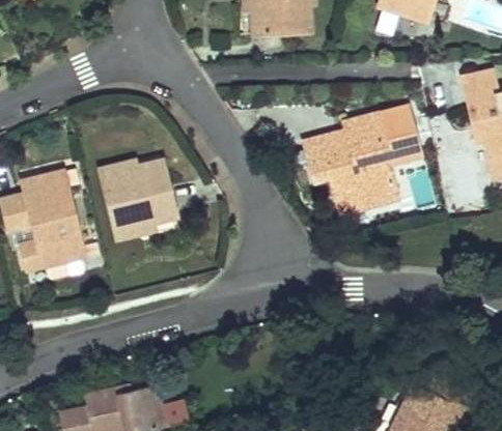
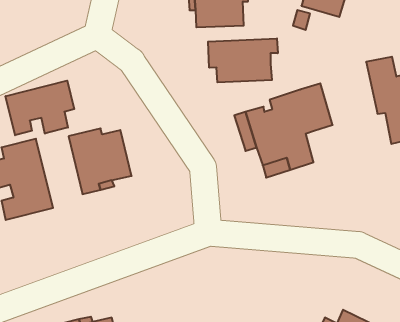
building: none -> [208,38,278,82]
building: none -> [6,81,74,135]

